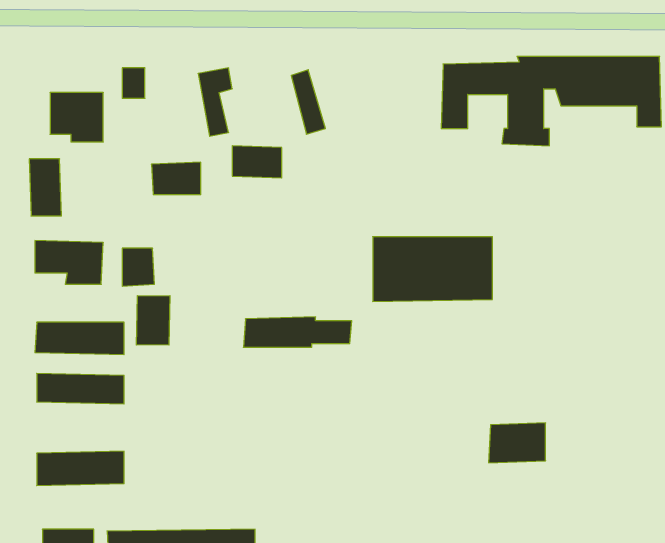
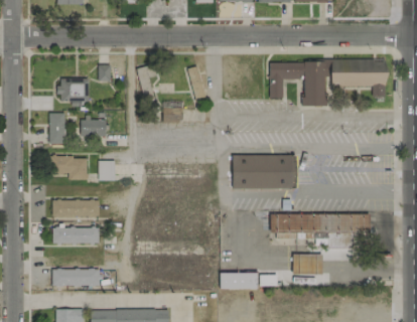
building: [151,162,201,195] -> [80,120,106,137]
building: [136,296,170,345] -> none
building: [243,317,352,347] -> [220,273,277,289]
building: none -> [270,214,370,247]

